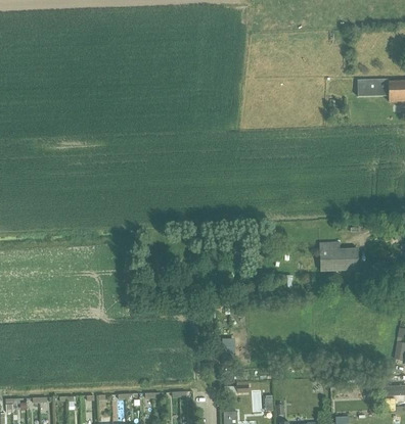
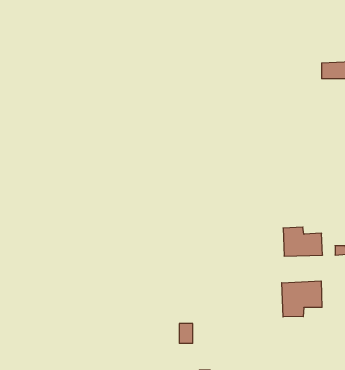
building: none -> [282,281,322,317]

